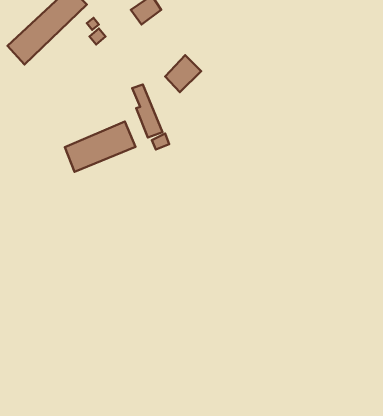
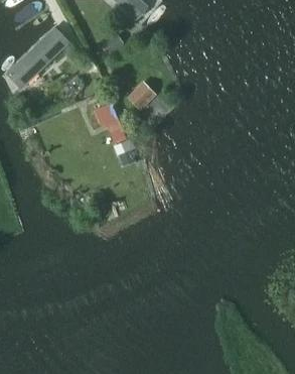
building: [65,121,136,172] -> none

